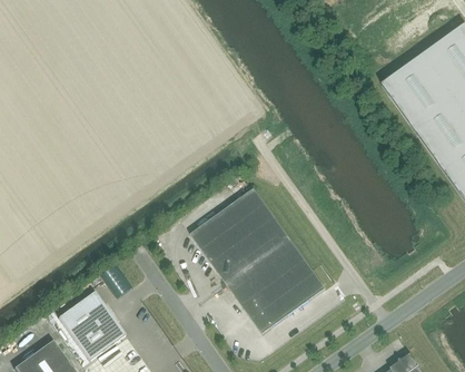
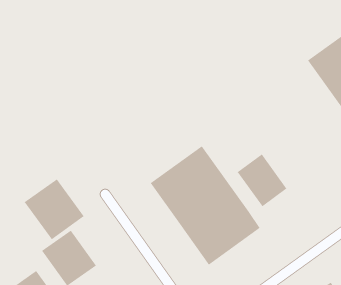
building: none -> [237,153,287,207]
building: none -> [24,178,85,240]

